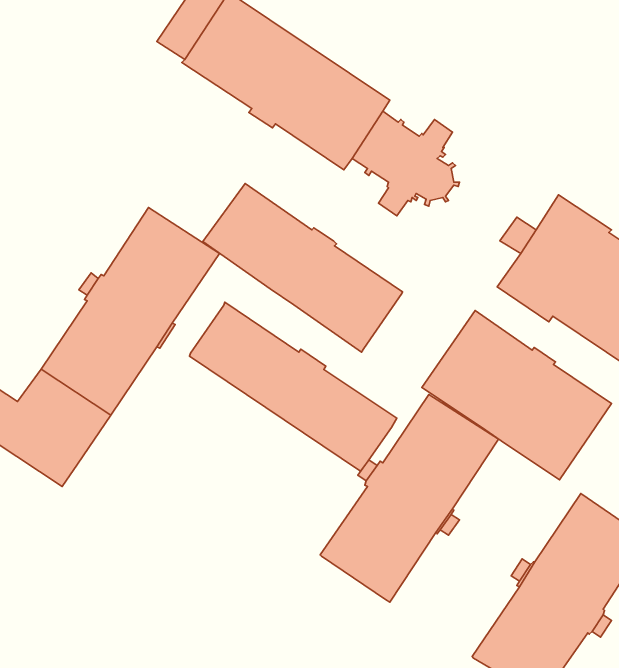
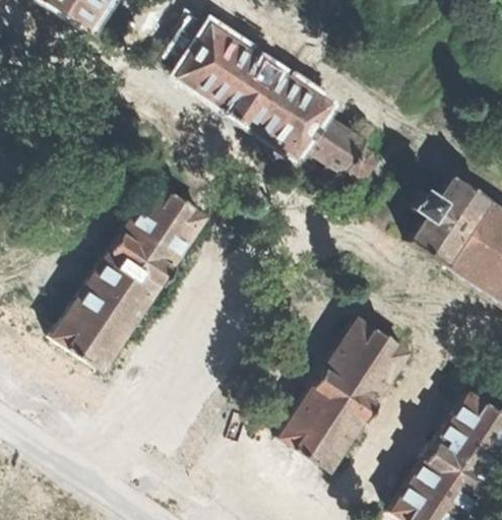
building: [203,184,403,352] -> none
building: [189,302,397,471] -> none
building: [422,310,612,480] -> none

